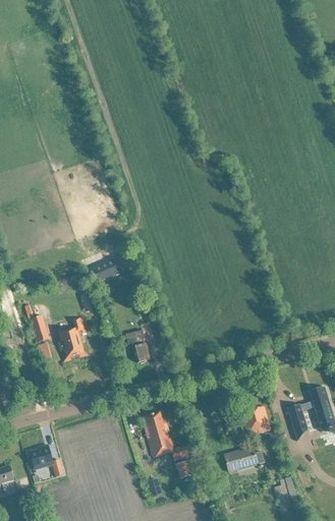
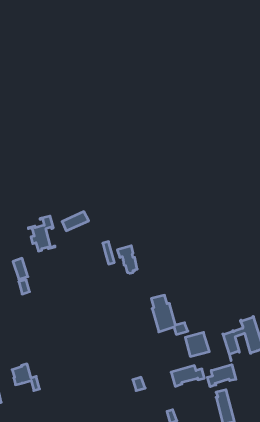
building: [55,316,88,359] -> [28,216,55,251]
building: [125,330,150,363] -> [117,246,137,273]
building: [144,412,188,460] -> [151,295,188,334]
building: none -> [207,365,236,387]

